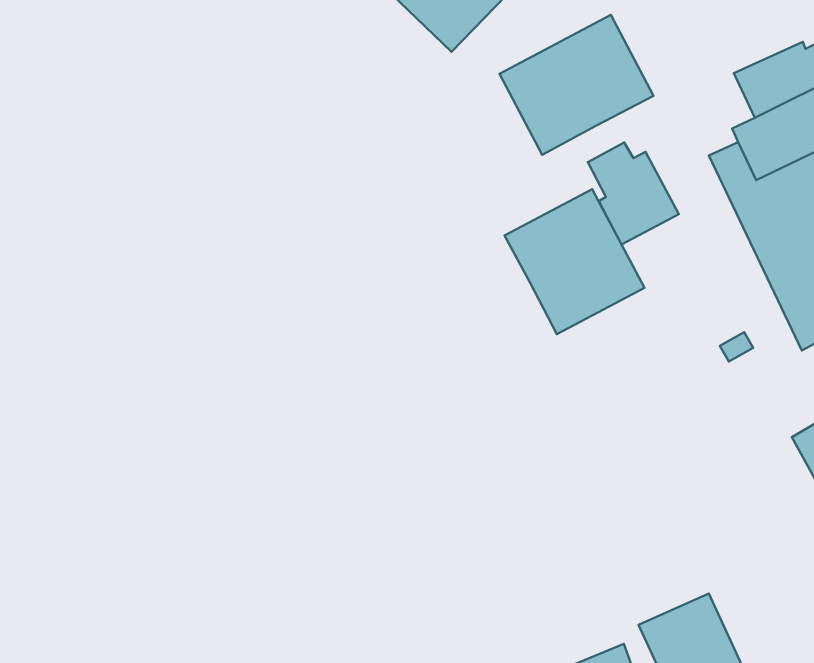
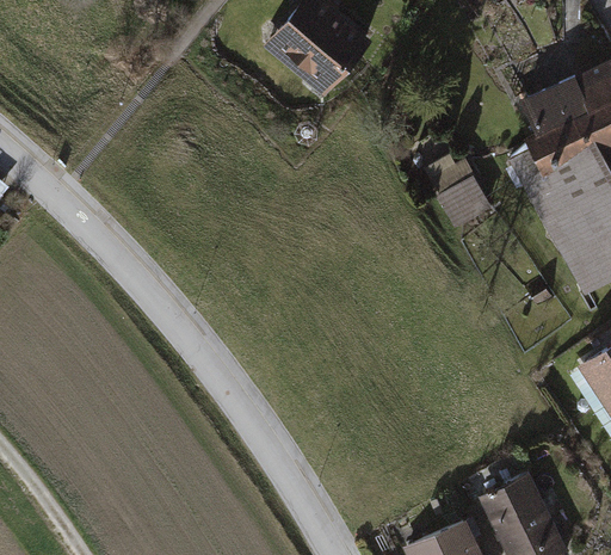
building: [500,15,654,155] -> none
building: [504,189,645,334] -> none

